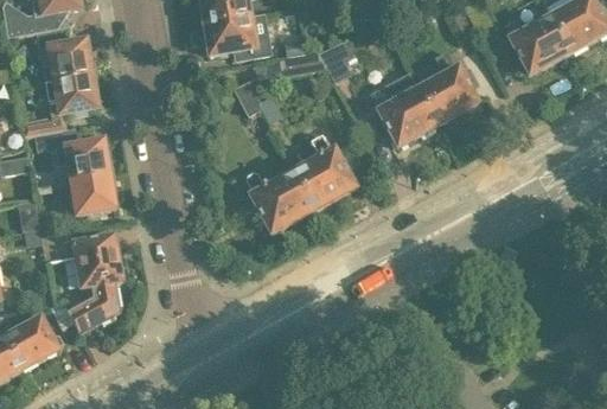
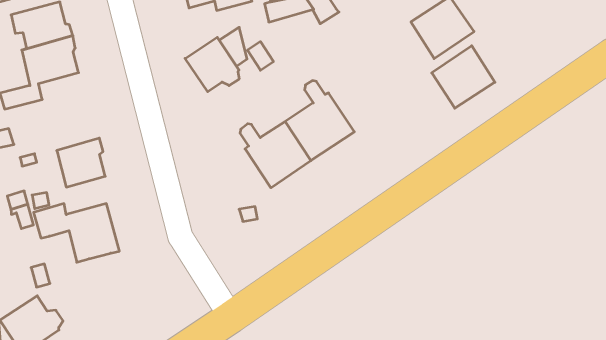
building: none -> [185,37,239,92]
building: [378,85,437,143] -> [432,46,495,108]
building: [65,136,113,178] -> none
building: [69,280,119,330] -> none

